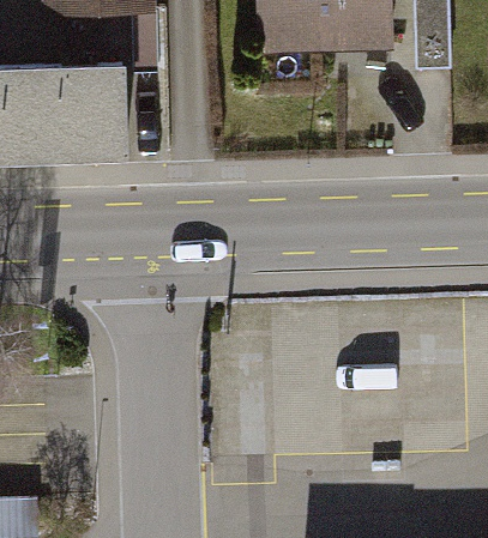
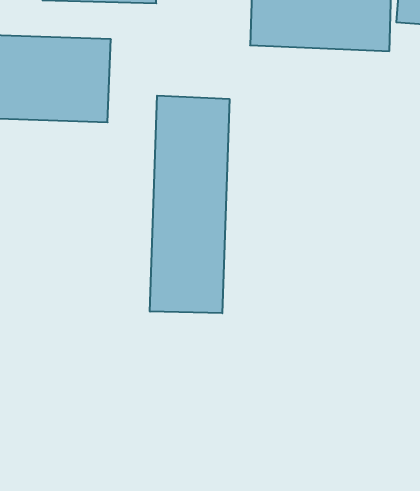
building: none -> [150,96,229,313]

